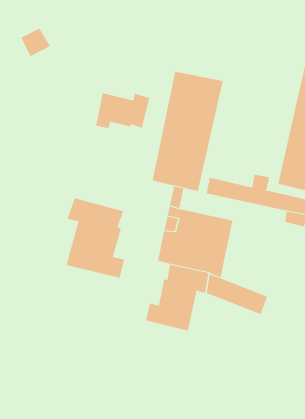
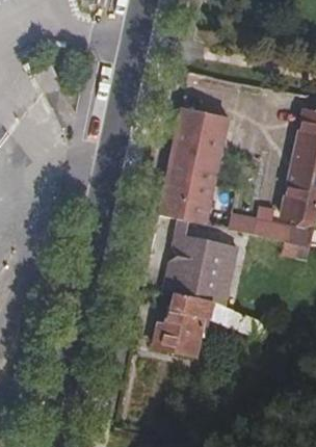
building: [96,92,150,129] -> none
building: [66,198,124,278] -> none

